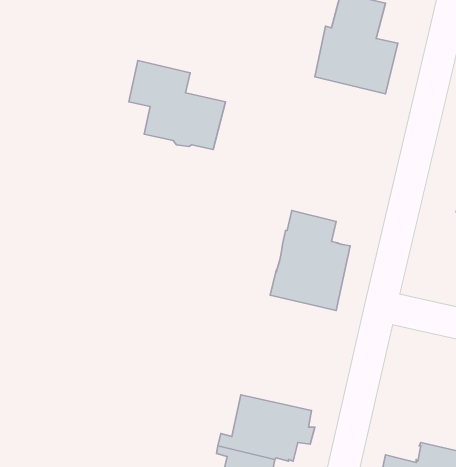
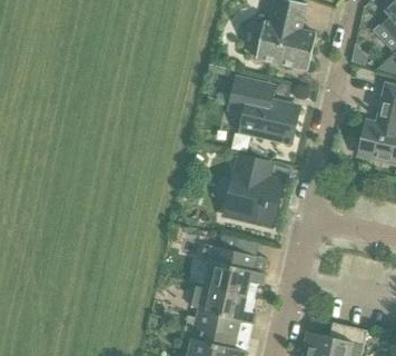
building: [129,60,226,150] -> [228,78,298,142]
building: none -> [201,235,264,299]

